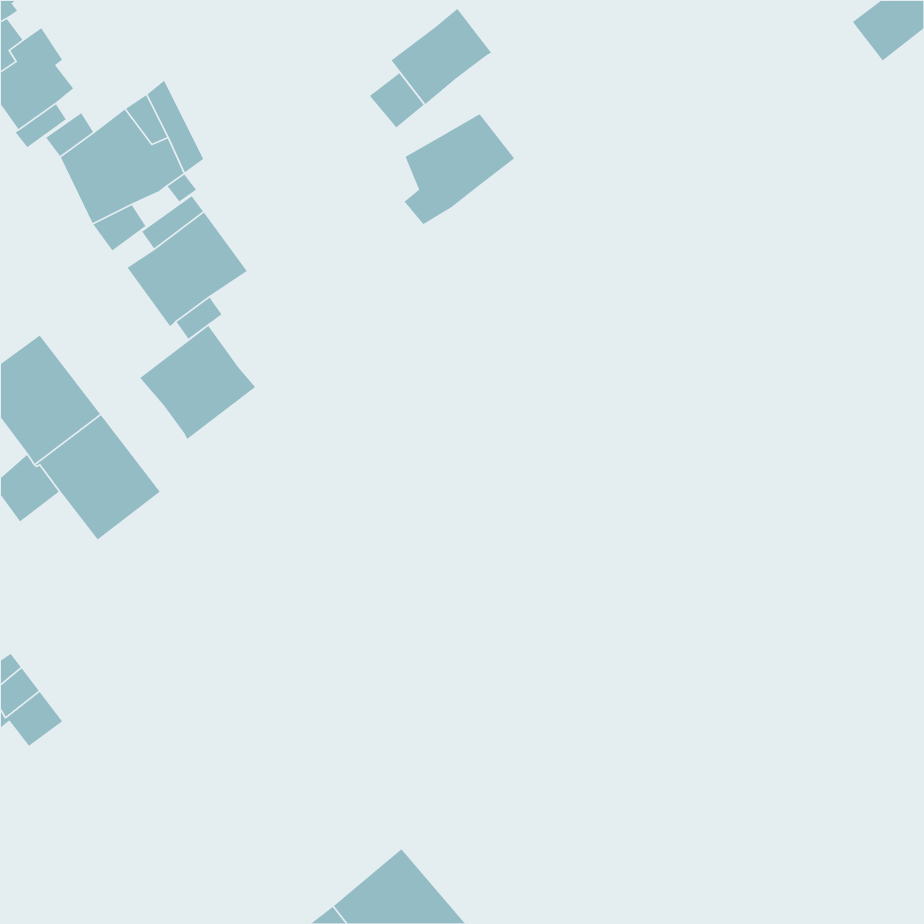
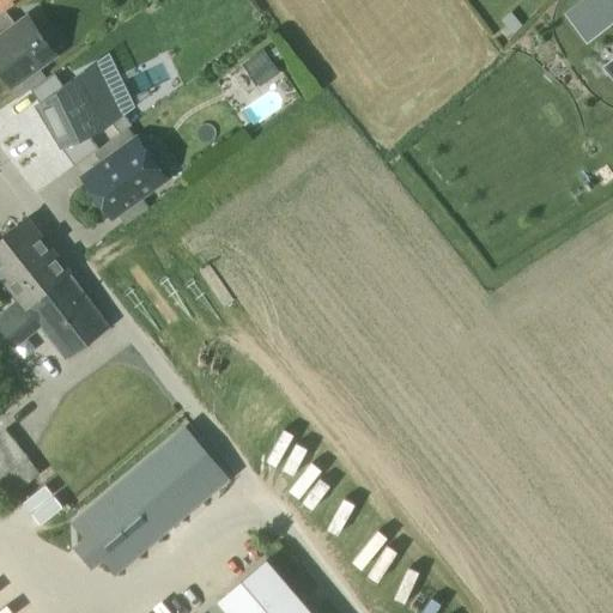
building: [390,8,492,105] -> none
building: [403,113,515,225] -> none
building: [139,325,256,440] -> none
building: none -> [75,431,224,570]

